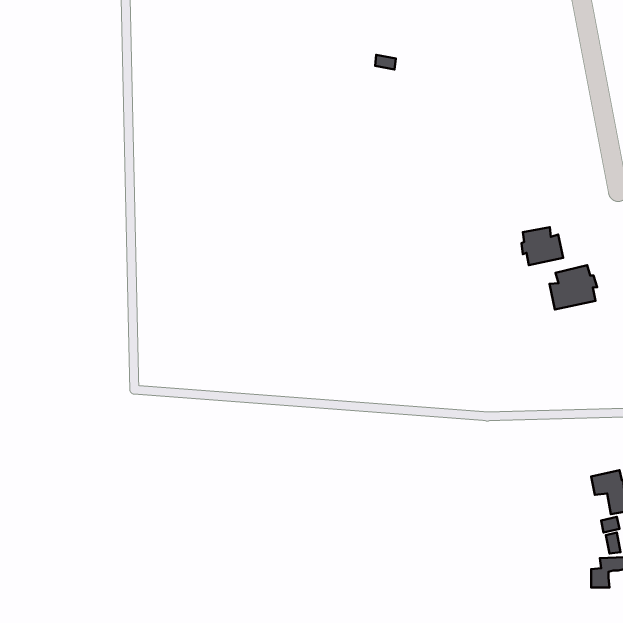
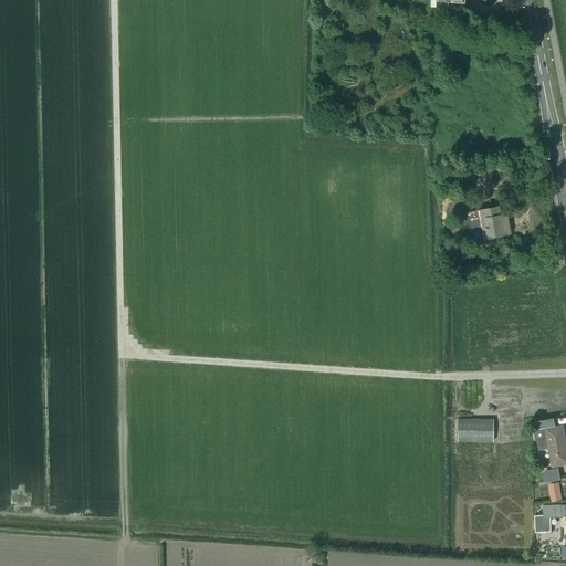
building: [549,265,597,309] -> none
building: none -> [458,419,493,441]

